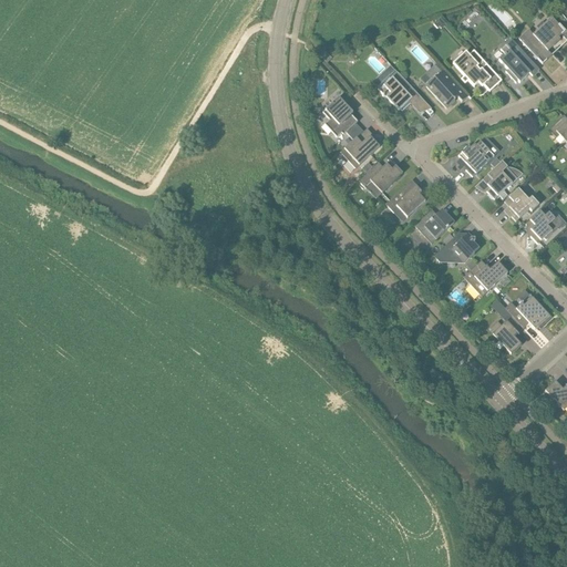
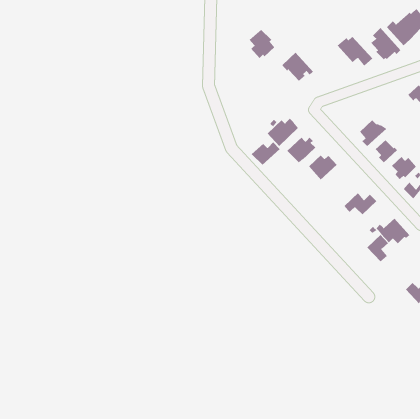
building: [427,68,470,106] -> none
building: [323,95,359,135] -> [249,29,275,59]
building: [341,134,381,166] -> [251,142,281,166]
building: [460,136,499,175] -> none
building: [434,231,481,262] -> none

